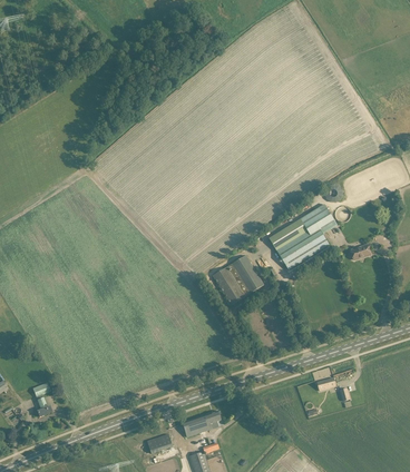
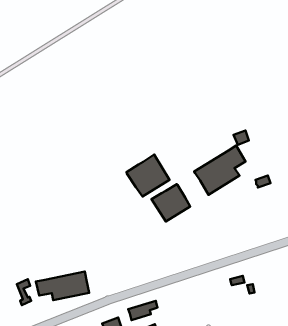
building: none -> [126,155,170,197]
building: none -> [36,272,89,300]

